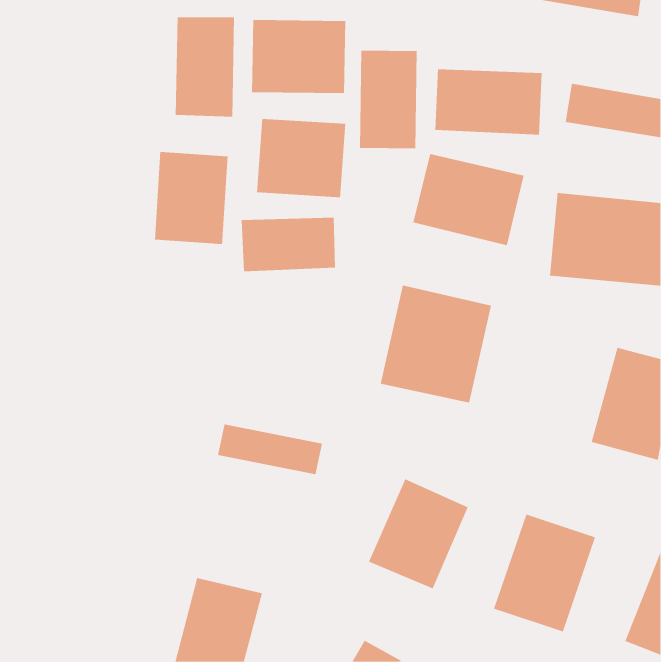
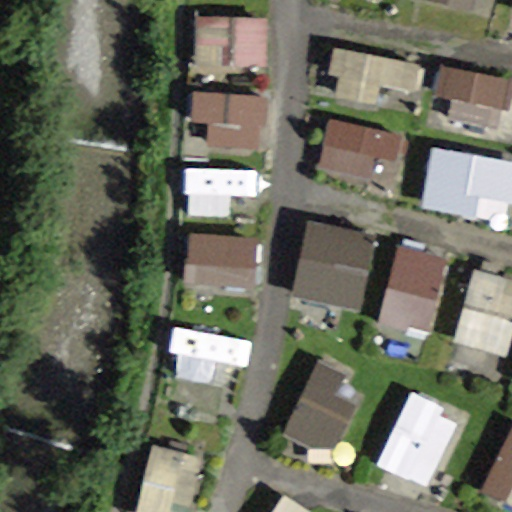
building: [175,16,234,118] -> none
building: [359,50,417,149] -> none
building: [154,151,228,245] -> none
building: none -> [182,231,259,291]
building: none -> [379,254,449,337]

